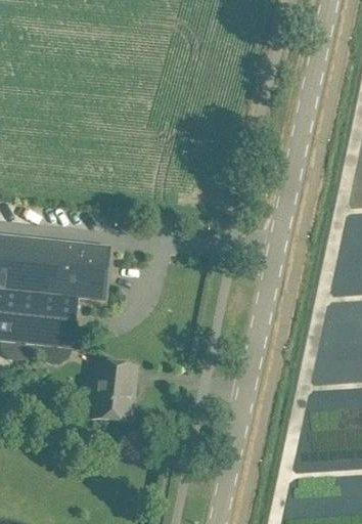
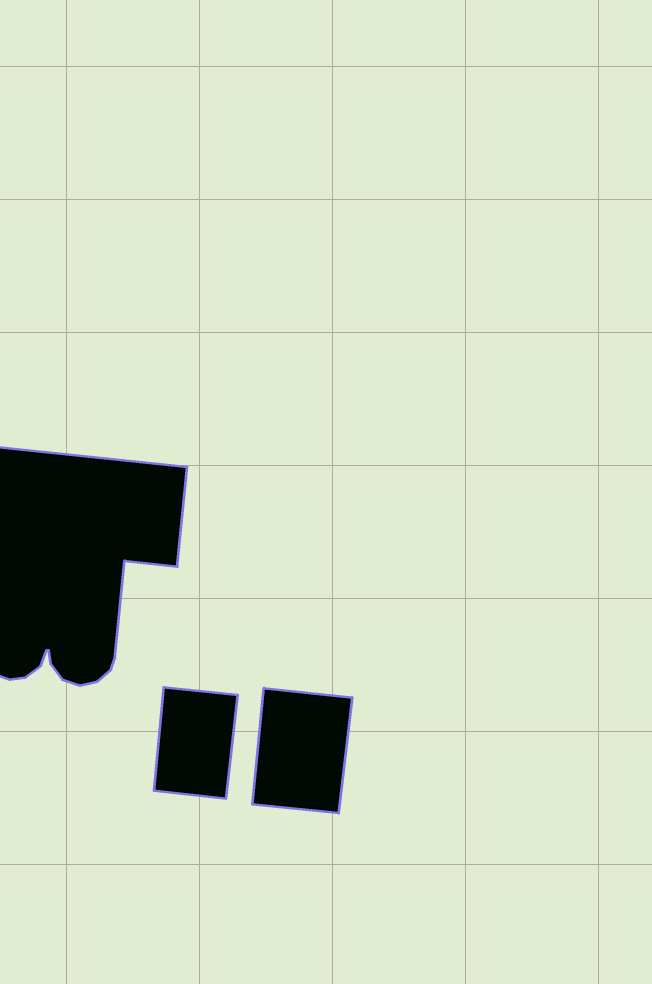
building: none -> [253,688,352,813]

